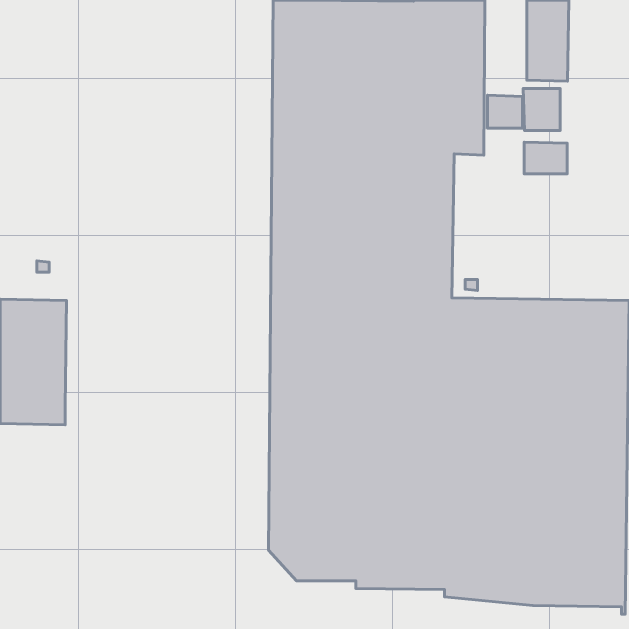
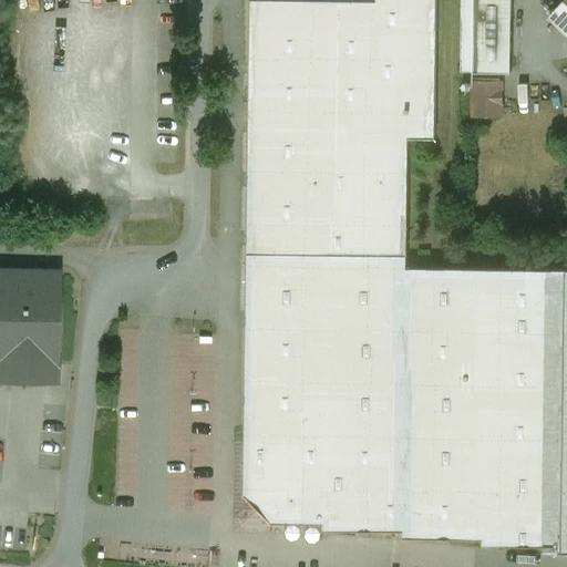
building: [487,95,523,128] -> none
building: [524,142,567,174] -> none

